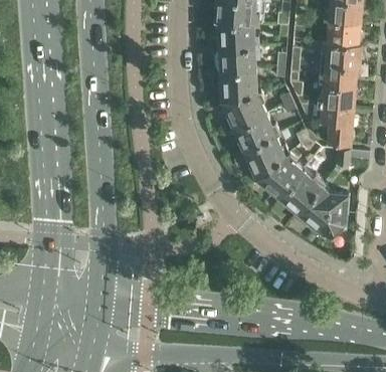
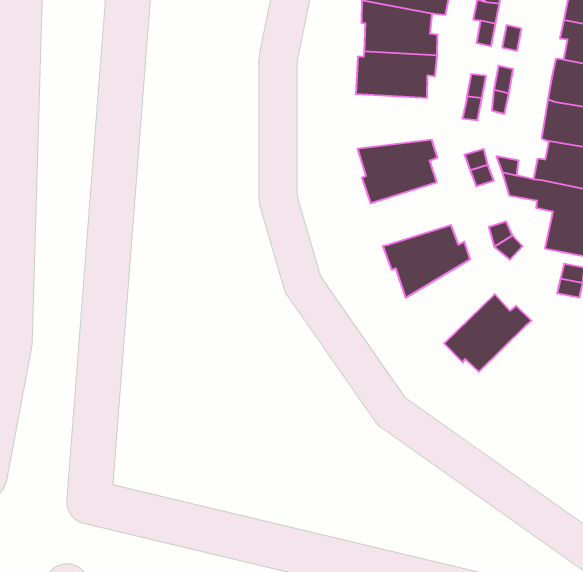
building: [218,70,261,102] -> none
building: [232,115,279,151] -> none
building: [256,154,304,200] -> none
building: [300,186,350,238] -> none

